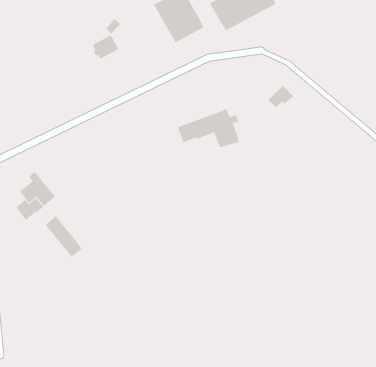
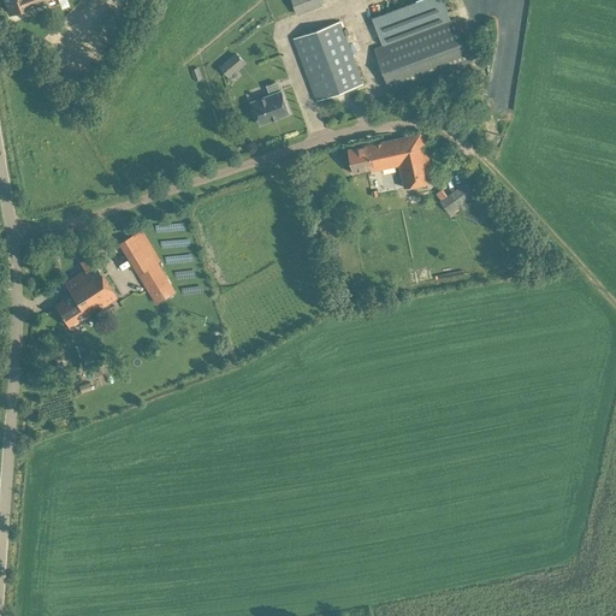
building: [92,35,119,60] -> [250,89,289,123]
building: [177,108,239,148] -> [346,131,437,186]
building: [45,215,82,257] -> [119,230,168,294]

